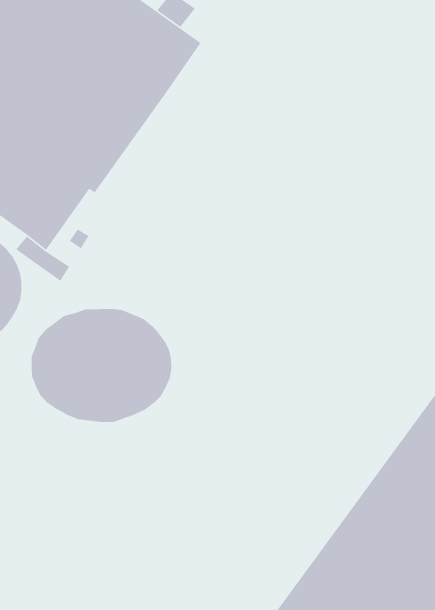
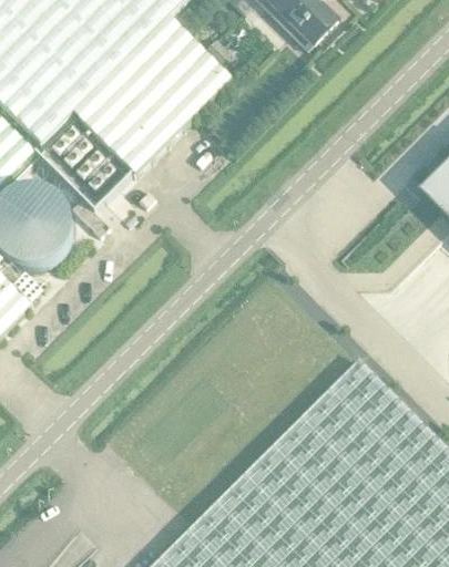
building: [31,308,172,423] -> none

